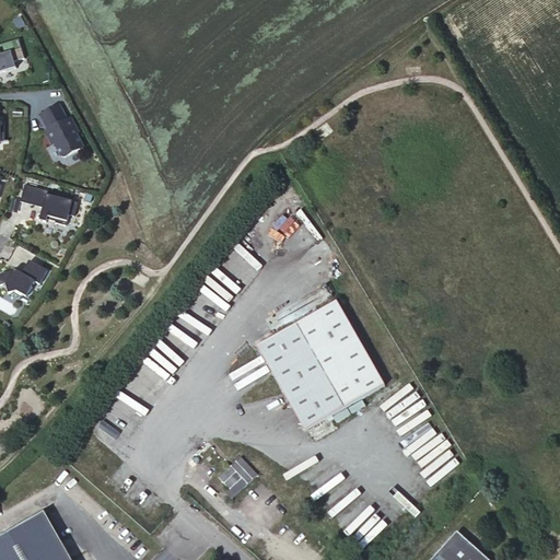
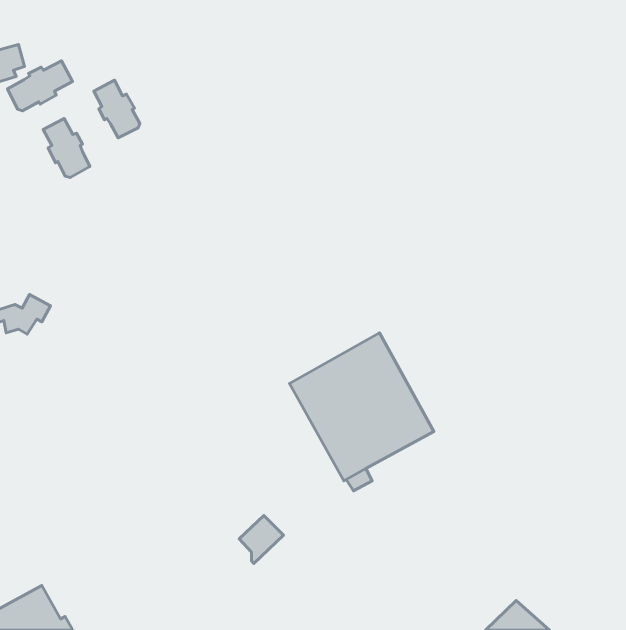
building: none -> [8,61,73,111]
building: none -> [94,80,140,138]
building: [18,185,74,226] -> none

